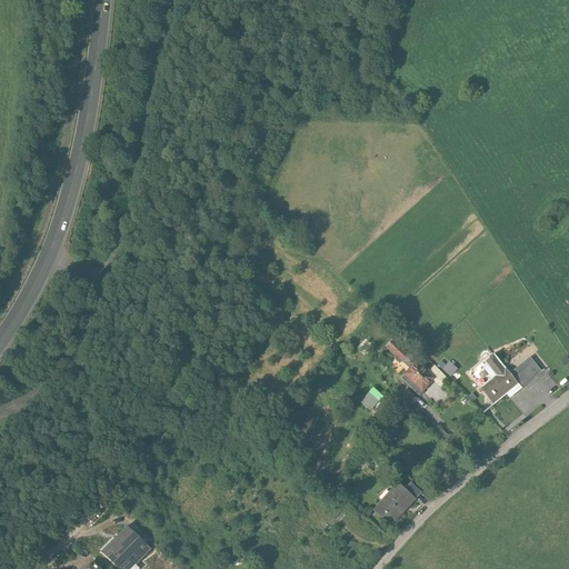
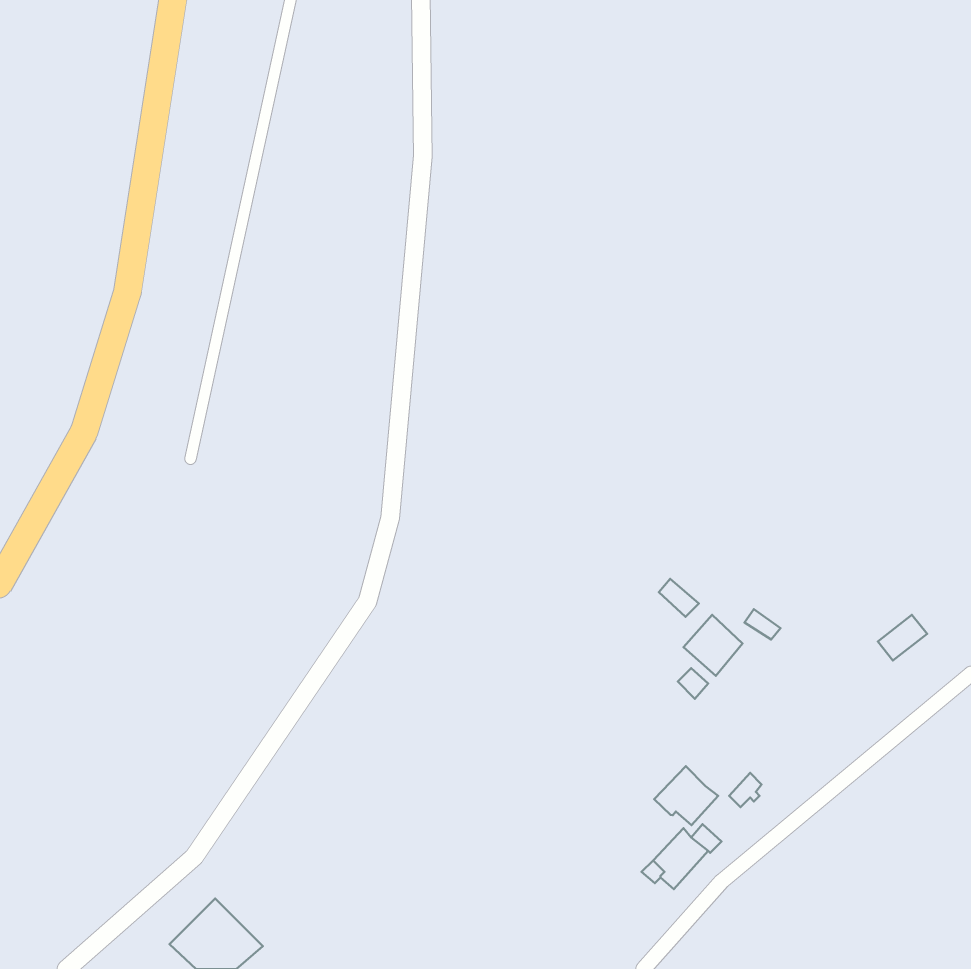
building: [480,352,518,405] -> none
building: none -> [654,766,718,825]

